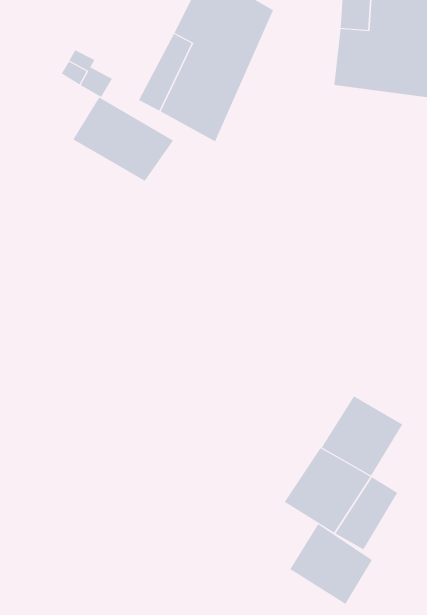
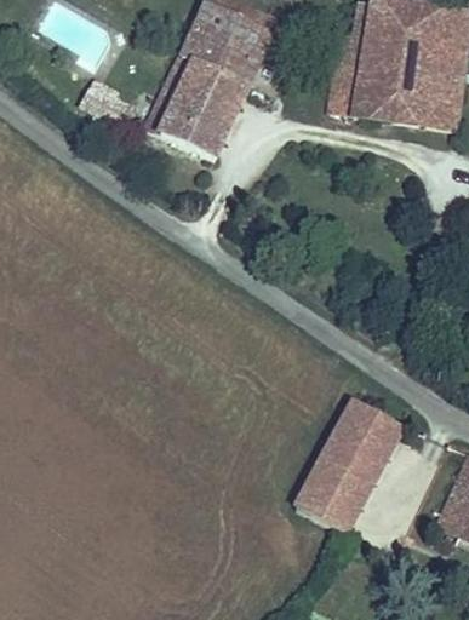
building: [72,96,174,182] -> none
building: [290,523,373,605] -> none

